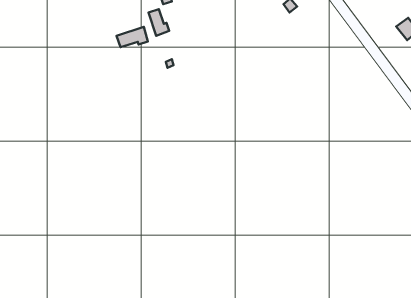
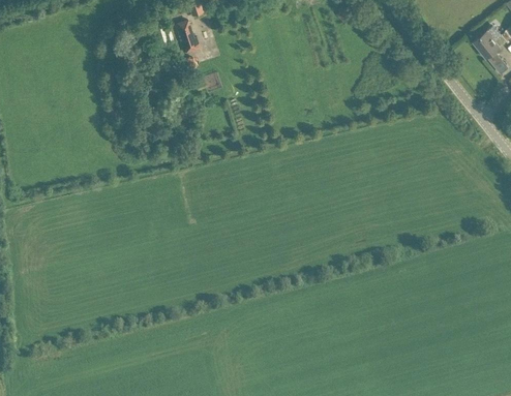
building: [117,27,148,47] -> none

